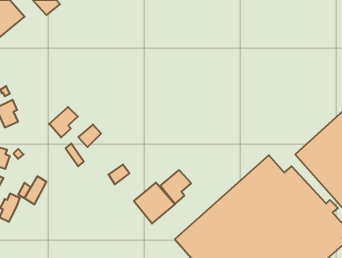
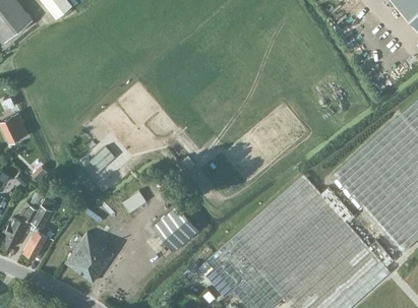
building: [49,107,78,138] -> none
building: [160,170,191,204] -> none
building: none -> [23,230,50,258]
building: none -> [65,231,115,284]

